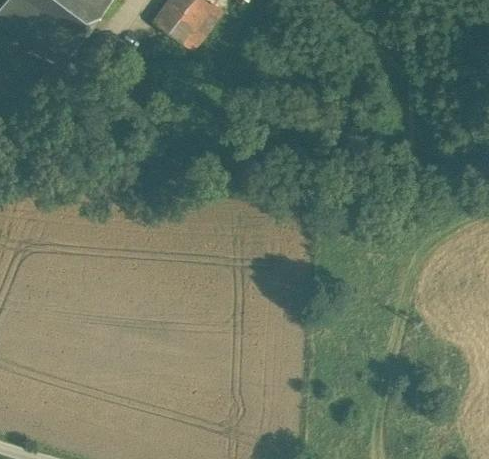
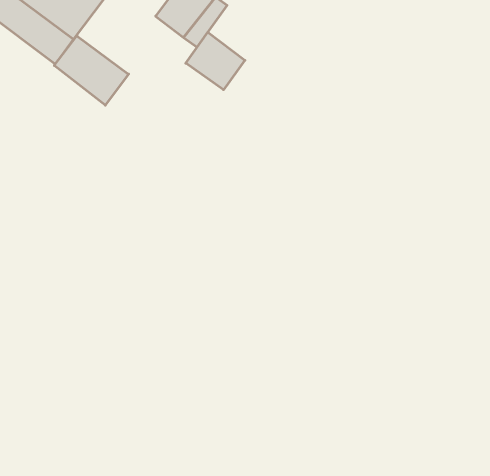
building: none -> [186,32,245,90]
building: none -> [54,36,129,105]

